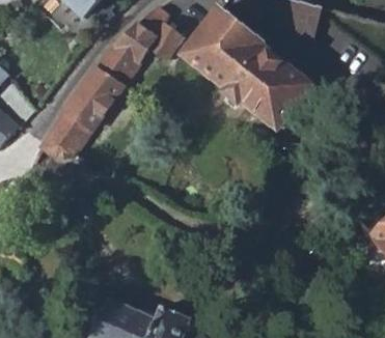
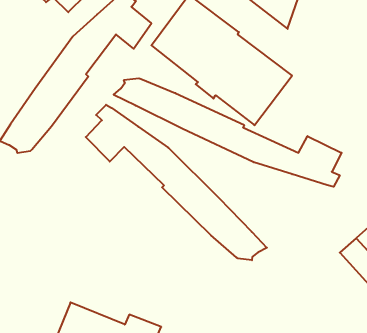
building: none -> [114,78,342,187]
building: none -> [86,105,267,260]

